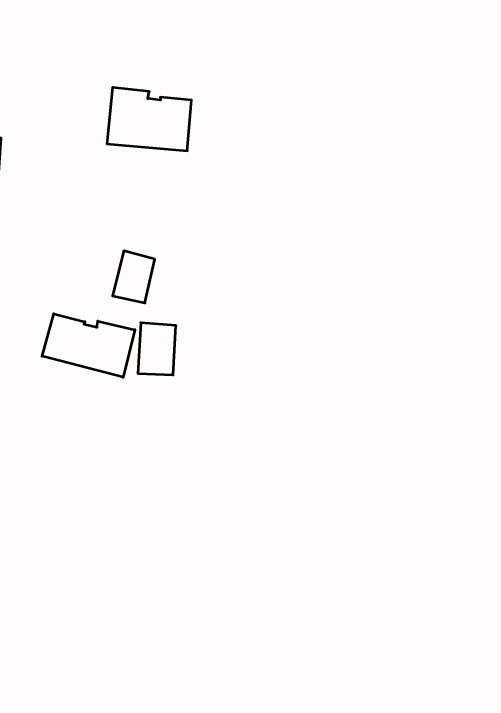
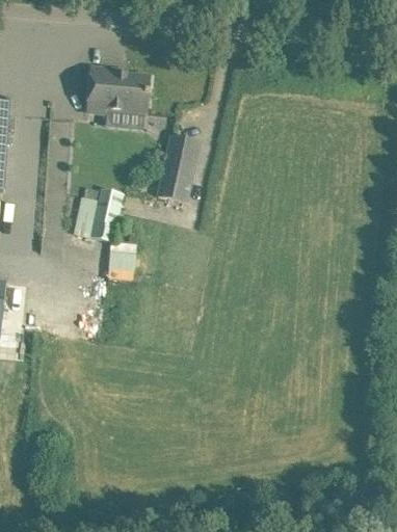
building: none -> [156,136,198,204]
building: [42,314,135,377] -> none

